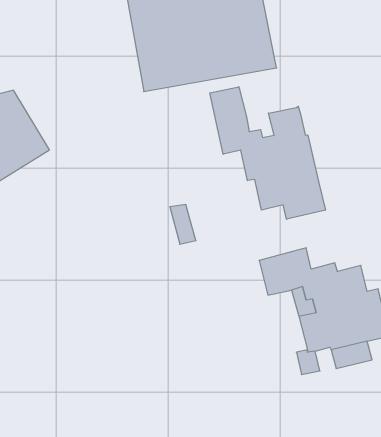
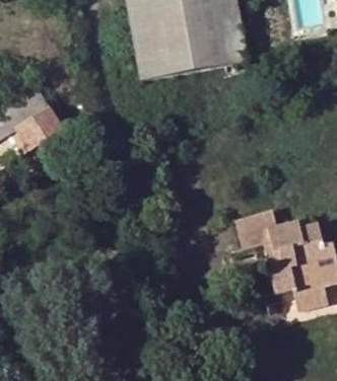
building: [210,87,326,219] -> none

